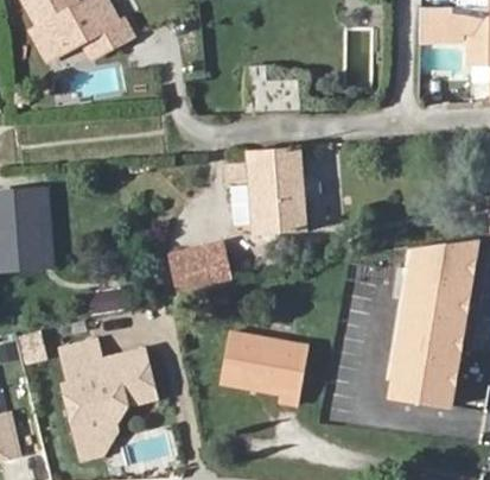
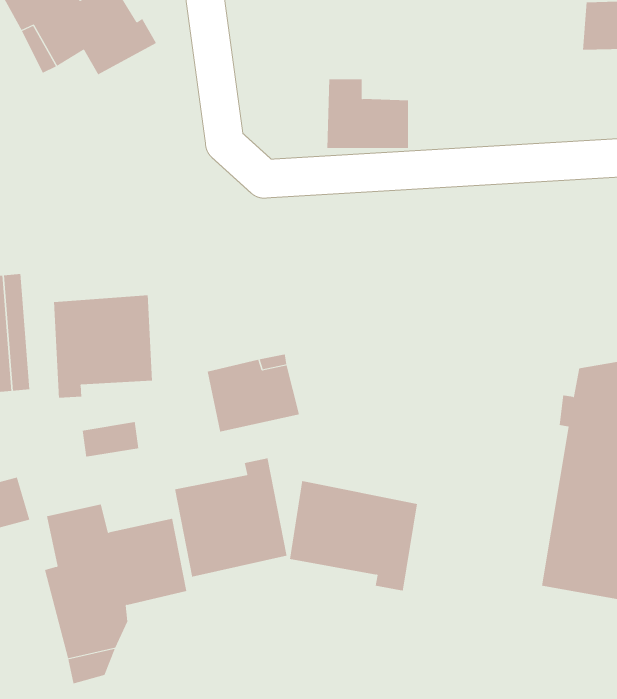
building: [225,145,319,235] -> none
building: none -> [54,294,152,399]
building: none -> [175,458,287,577]

